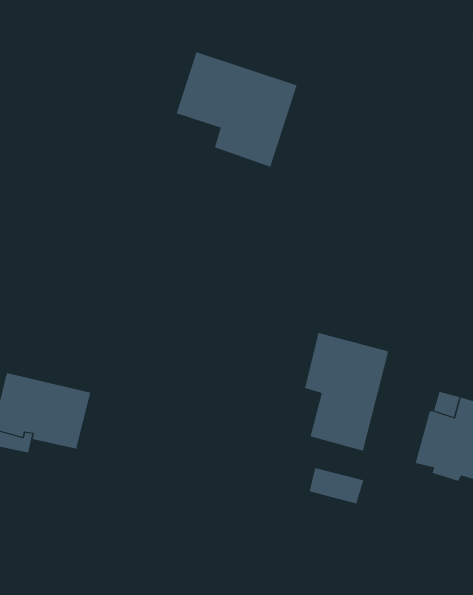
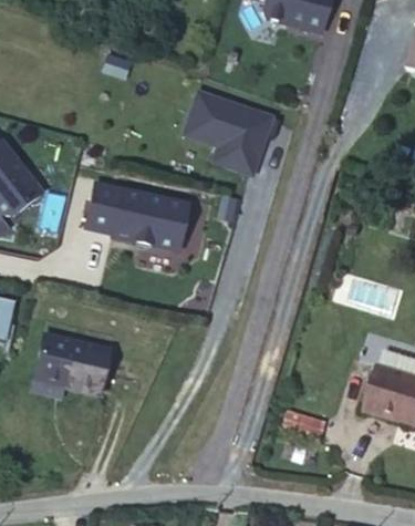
building: none -> [79,176,187,250]
building: [304,332,389,451] -> none

